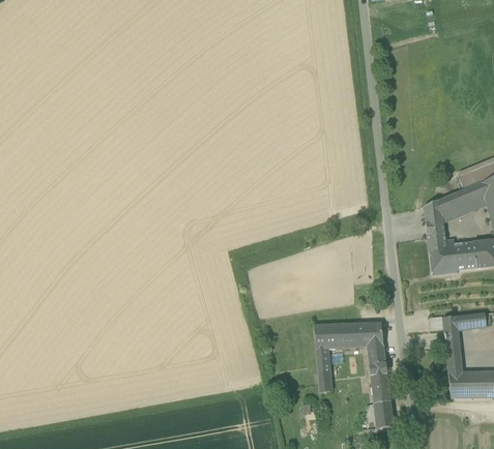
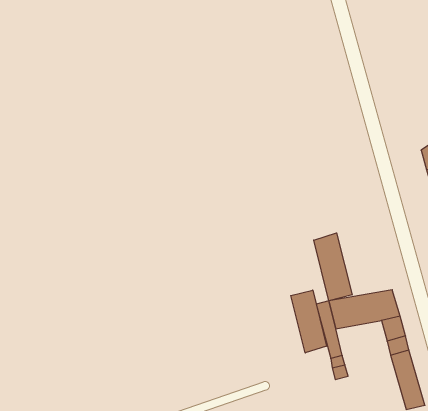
building: none -> [314,233,352,301]
building: none -> [291,290,327,353]

